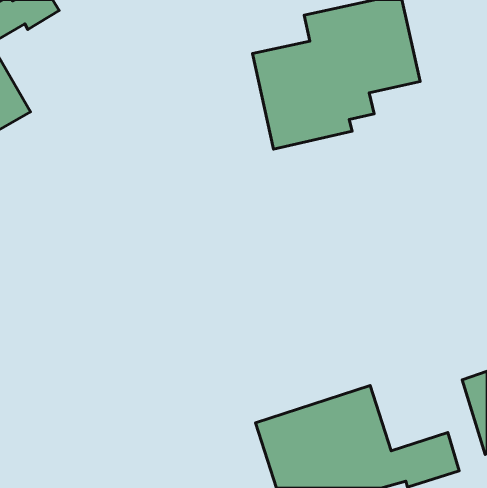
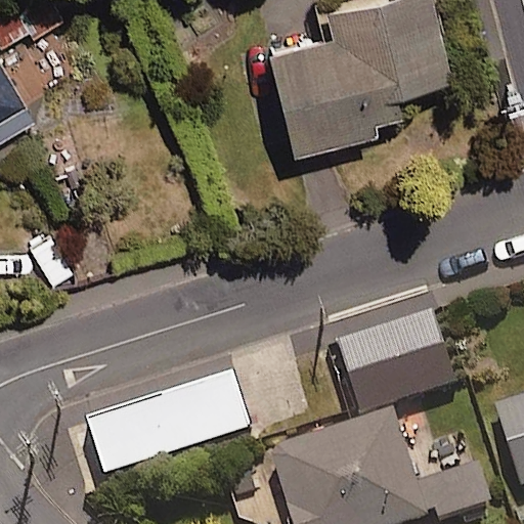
building: none -> [335,306,454,409]
building: none -> [88,372,247,471]

